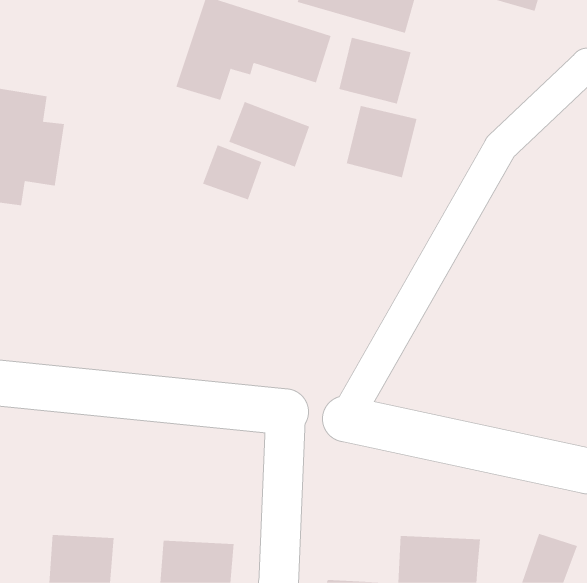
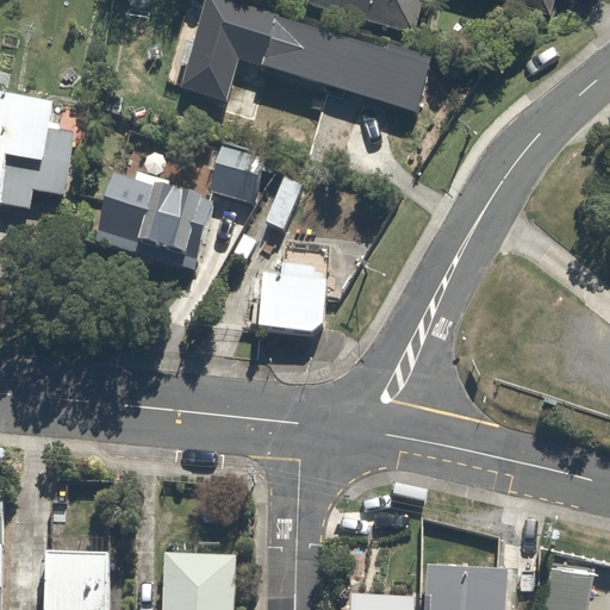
building: [228,101,310,168] -> none
building: [346,105,417,178] -> none
building: none -> [95,172,212,272]
building: none -> [256,244,320,331]

